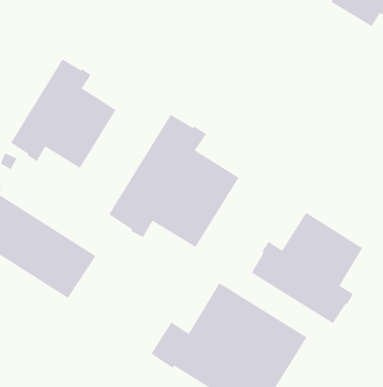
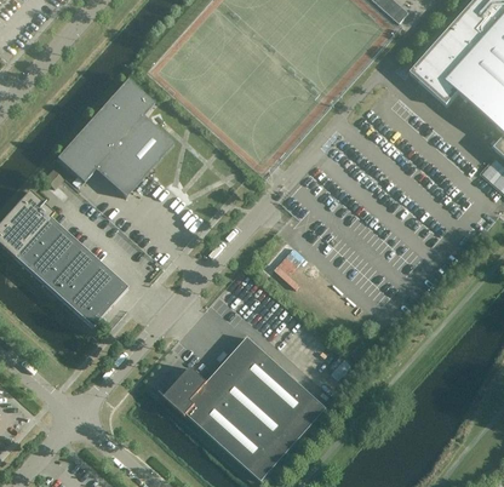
building: [108,114,240,248] -> none
building: [251,212,363,324] -> none

